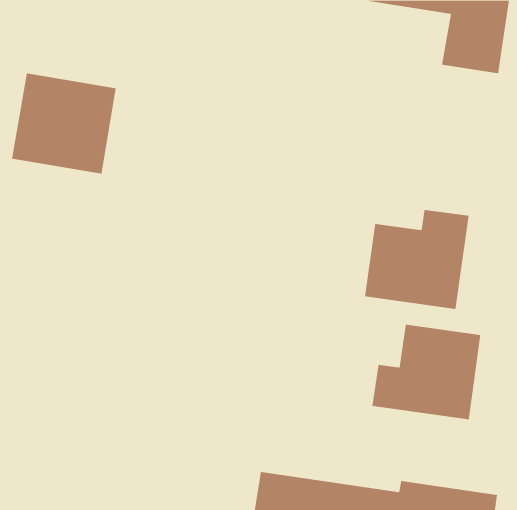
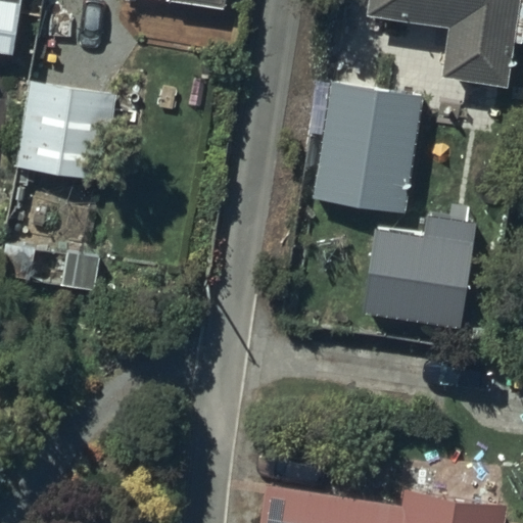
building: none -> [318,87,416,207]
building: [372,324,481,420] -> none

